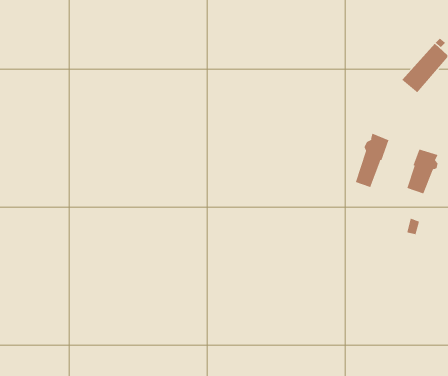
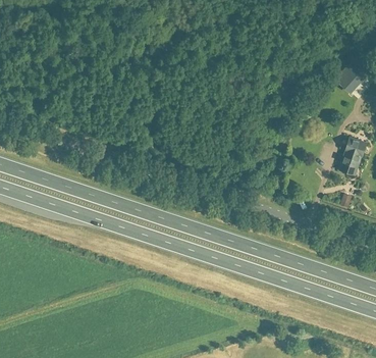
building: [355,133,389,188] -> none

